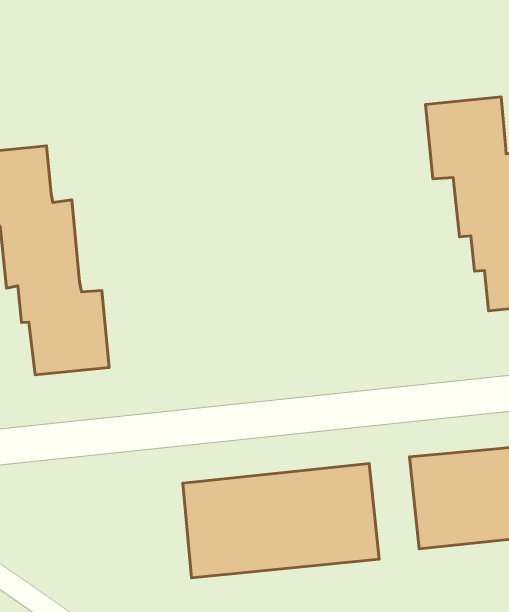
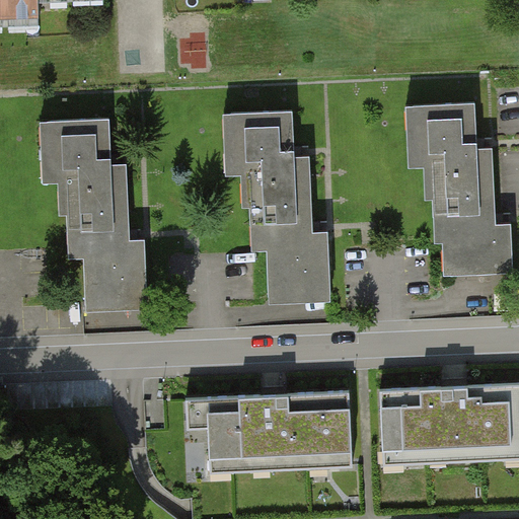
building: none -> [229,114,328,296]

